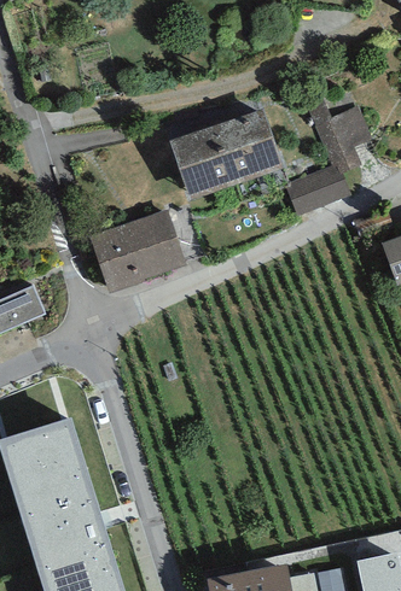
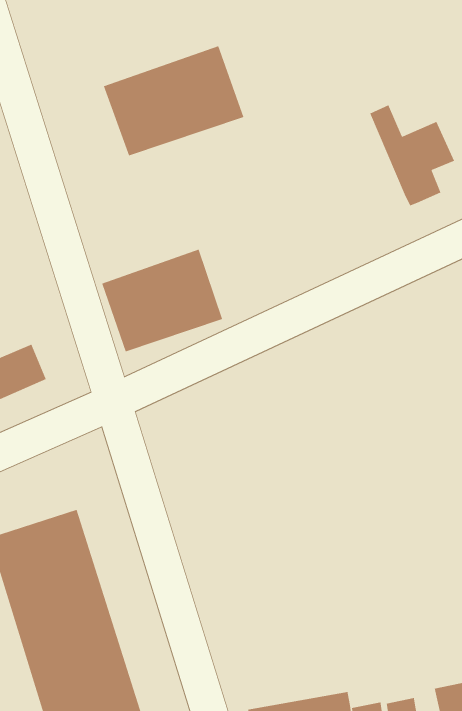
building: [168,109,281,198] -> [103,45,244,156]
building: [284,165,351,216] -> none

